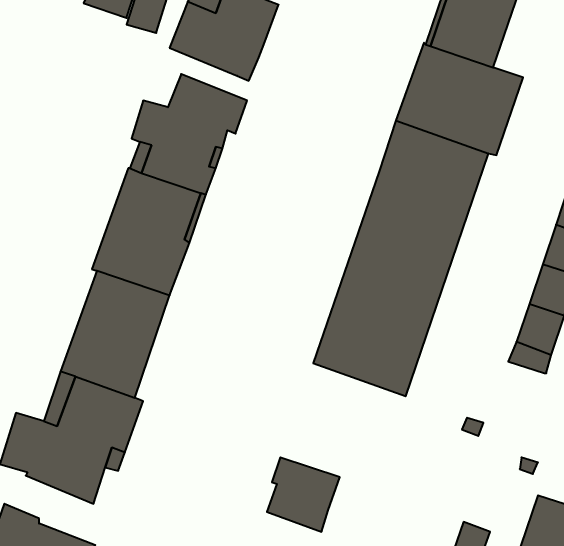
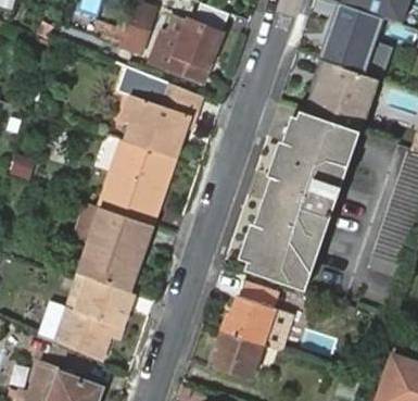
building: none -> [223,280,293,350]

